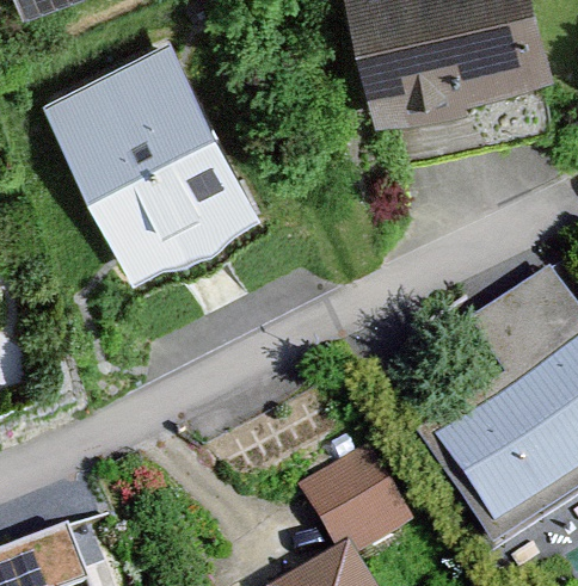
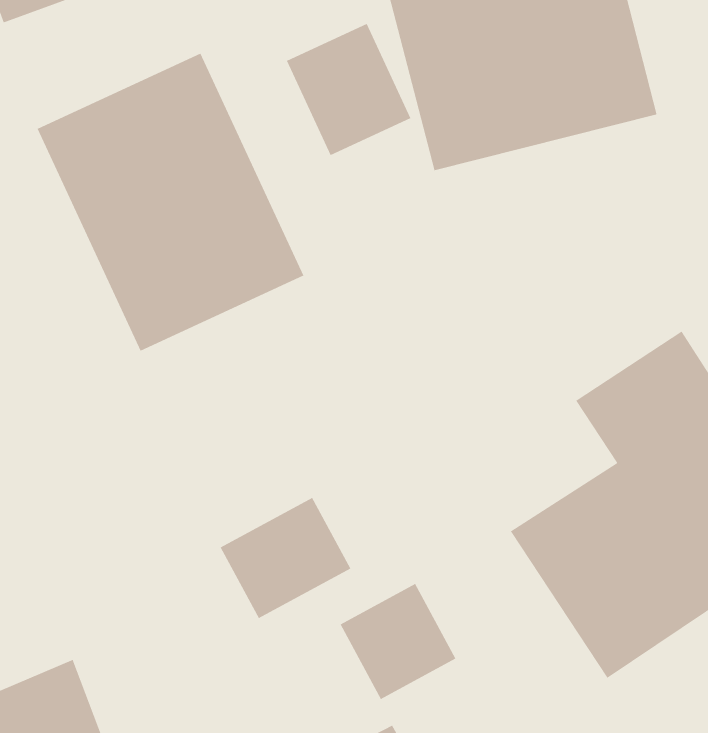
building: none -> [286,23,412,156]
building: none -> [219,497,352,619]

